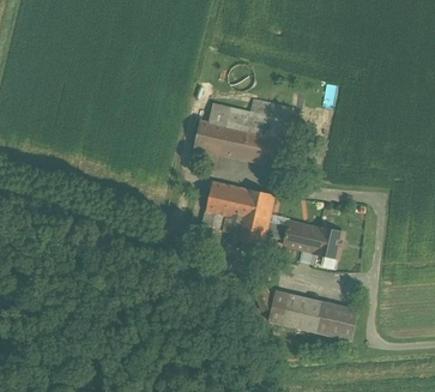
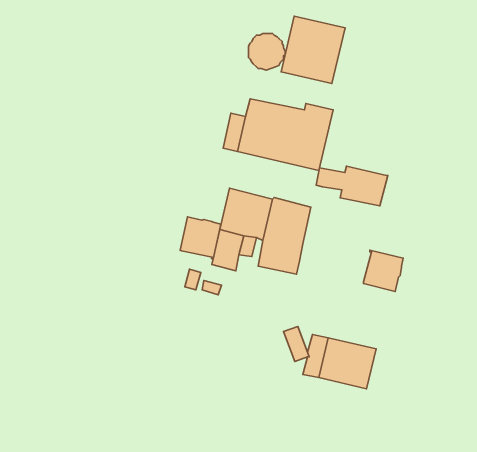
building: none -> [281,16,345,84]
building: none -> [180,217,221,259]
building: [262,219,316,249] -> [316,166,388,206]
building: [313,300,355,338] -> none

